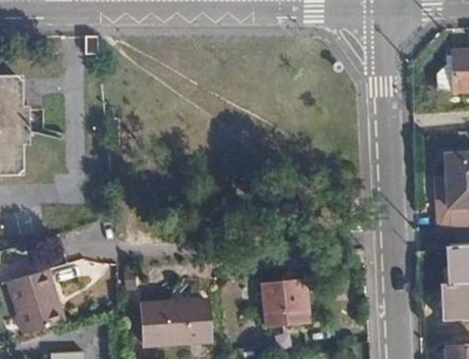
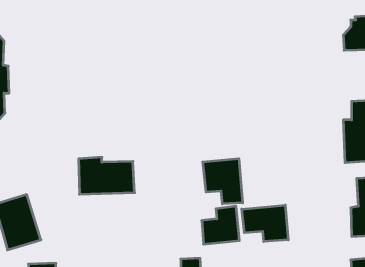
building: none -> [203,159,243,204]
building: none -> [242,205,288,242]
building: [144,301,212,346] -> [79,157,135,194]

